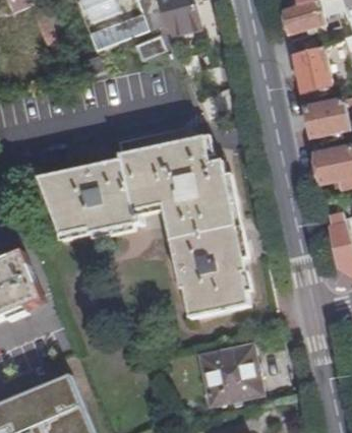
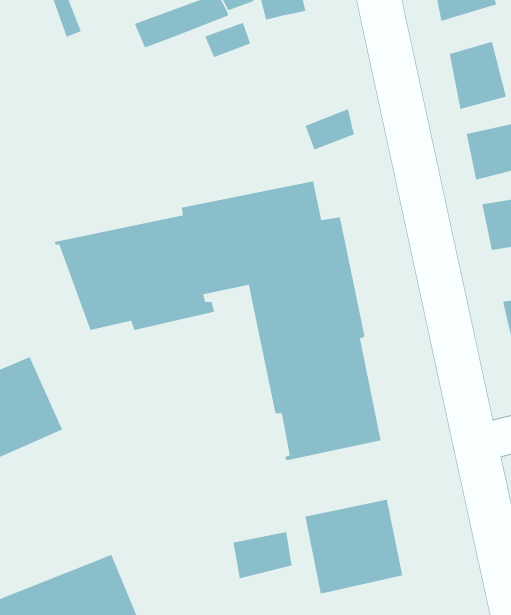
building: none -> [232,531,293,579]

